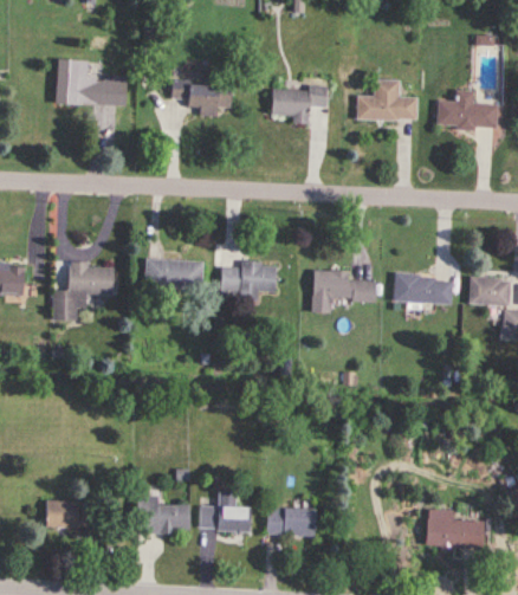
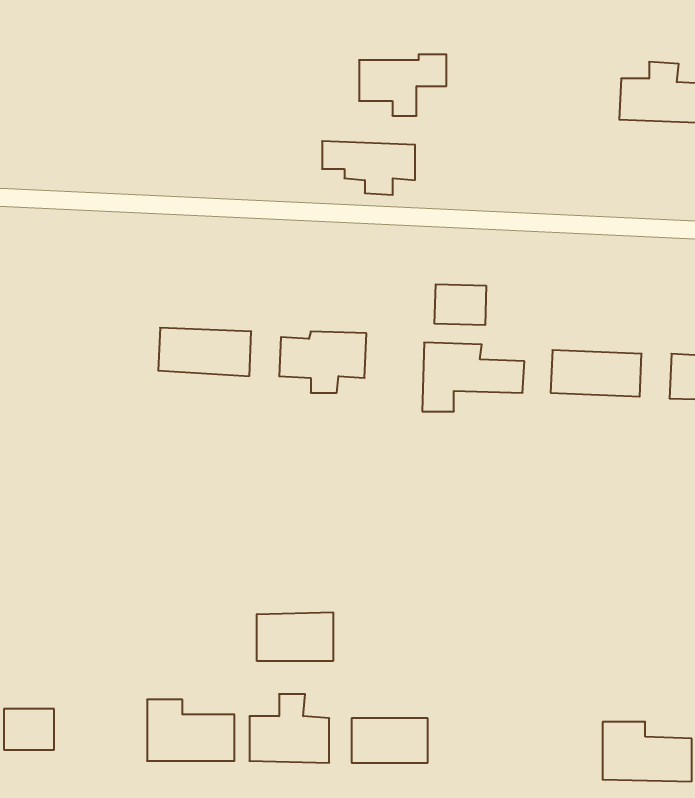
building: [56,58,129,105] -> none
building: [358,79,417,119] -> none
building: [173,82,232,116] -> [322,141,415,195]
building: none -> [435,284,486,325]
building: [53,264,112,322] -> none
building: none -> [257,612,333,661]

